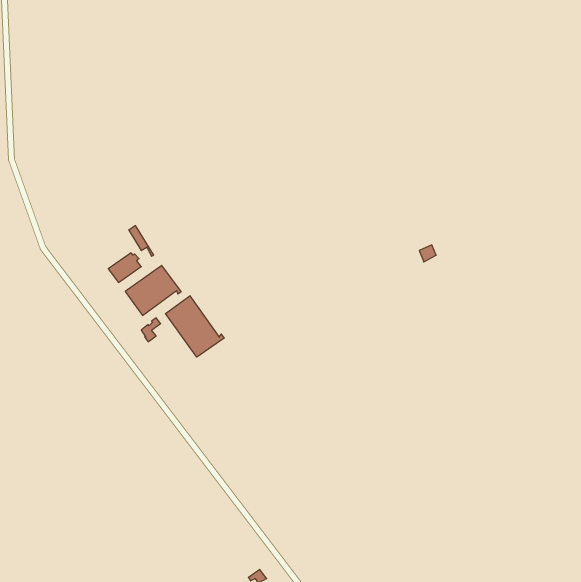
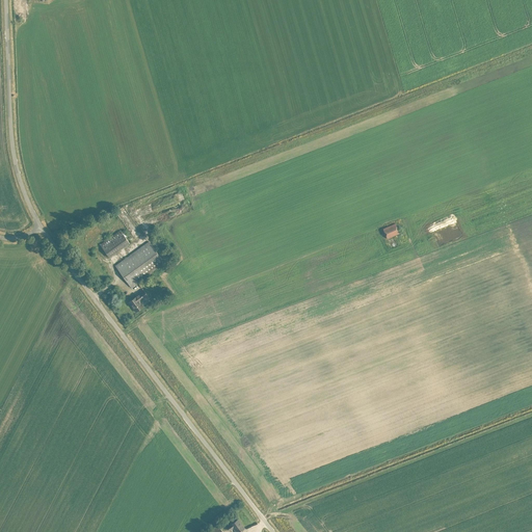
building: [166,296,224,357] -> none

